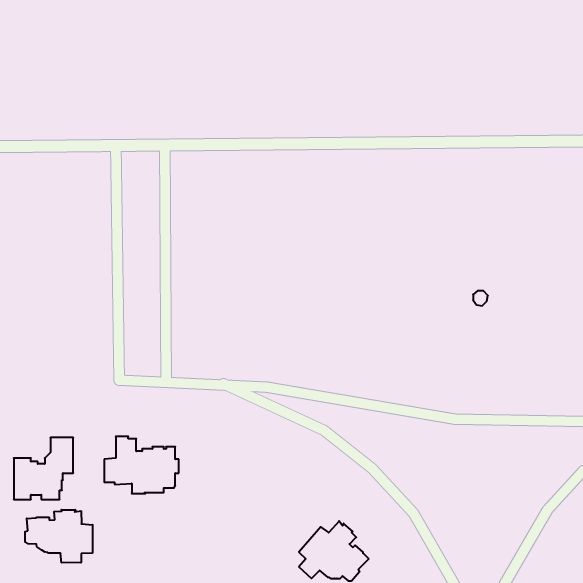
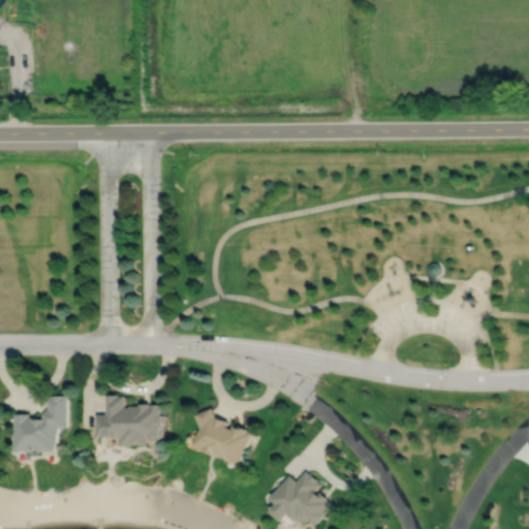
building: none -> [192,409,251,467]
building: [25,510,93,563] -> none

